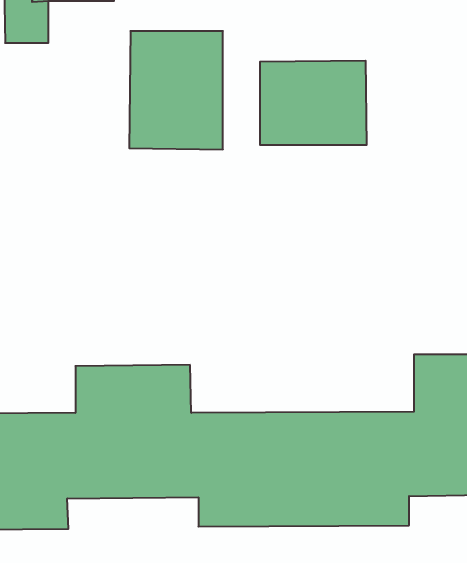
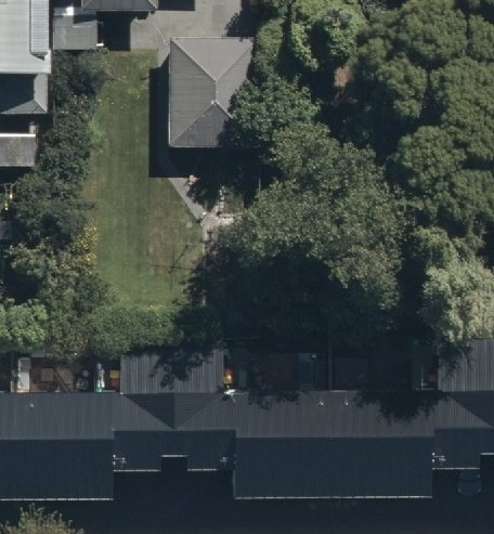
building: [260,61,367,145] -> none

